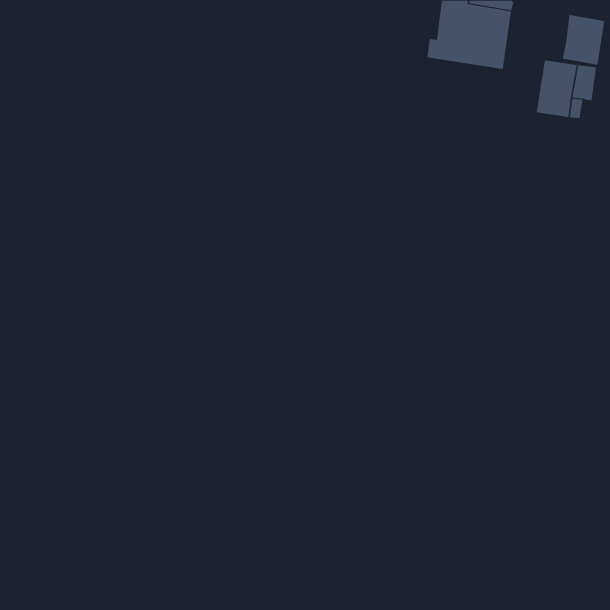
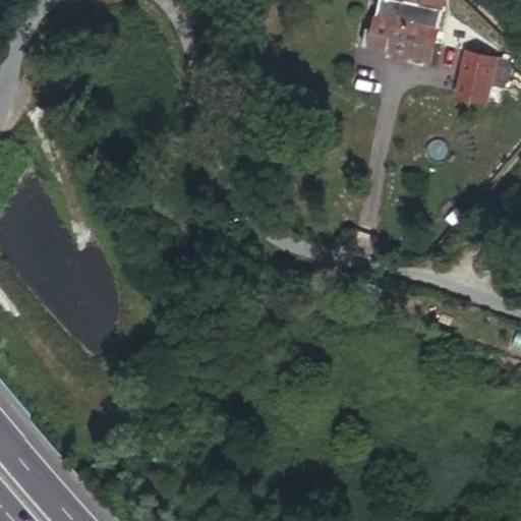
building: [562,14,605,65] -> none

